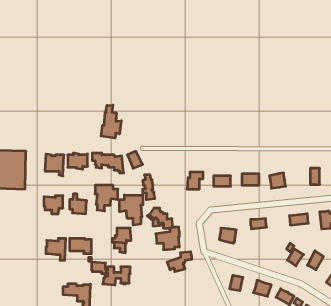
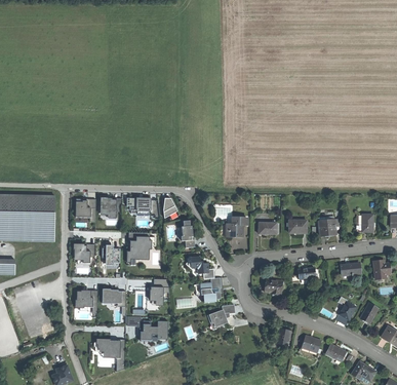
building: [101,105,121,138] -> none
building: [120,195,143,225] -> none

